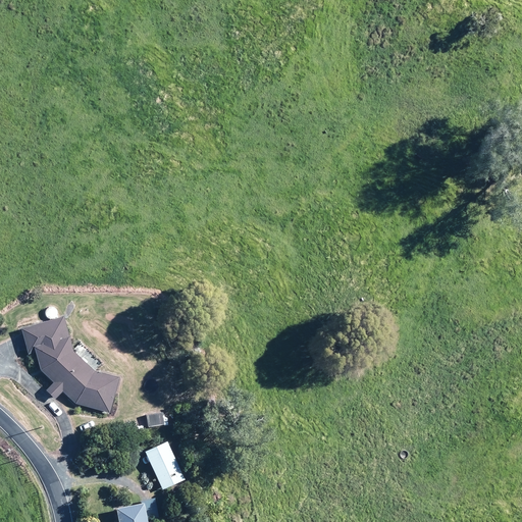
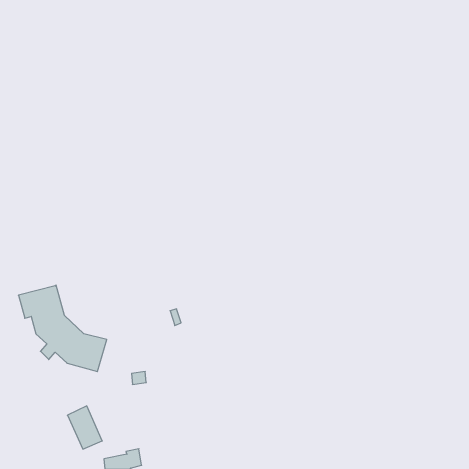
building: [145,441,184,489] -> [67,406,102,449]

